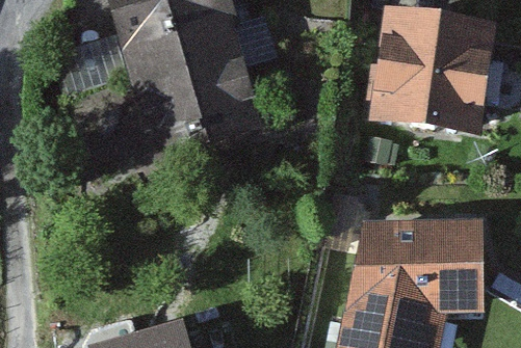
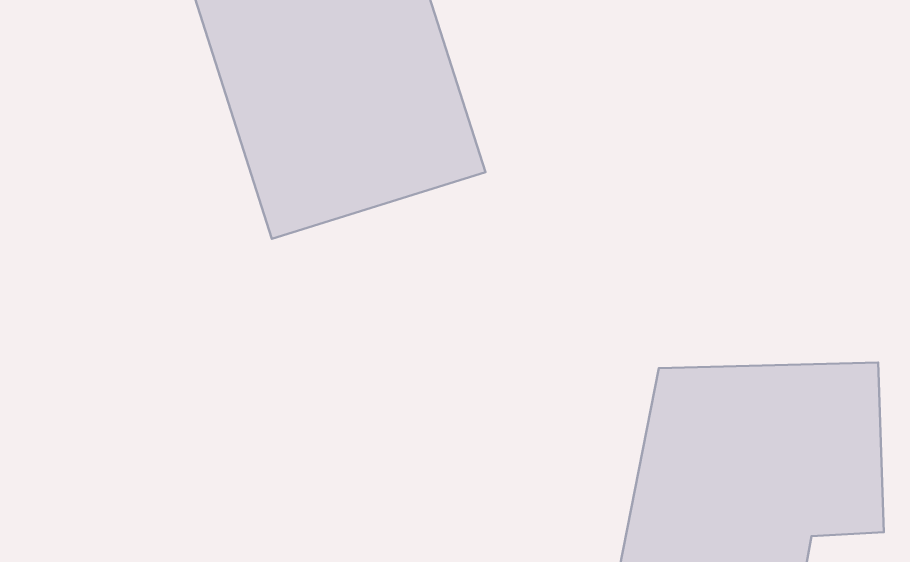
building: [373,27,492,157] -> none

